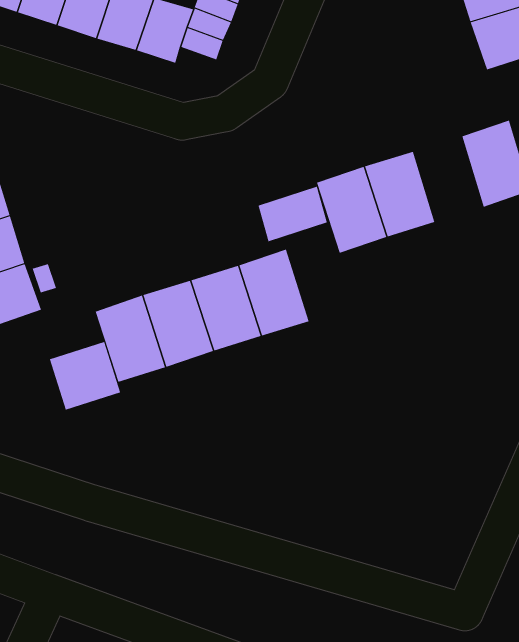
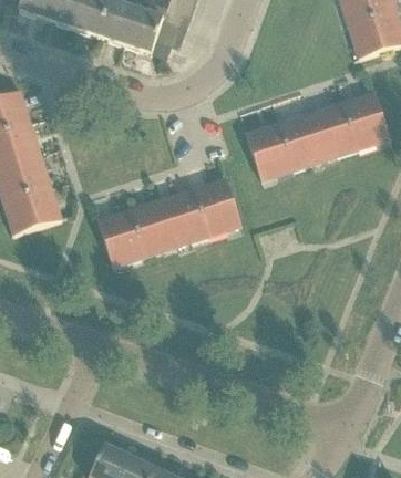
building: none -> [310,101,357,158]
building: [258,186,328,242] -> none
building: [49,341,121,410] -> none

